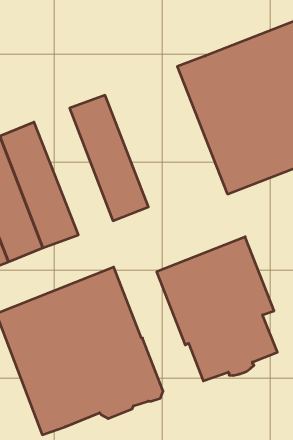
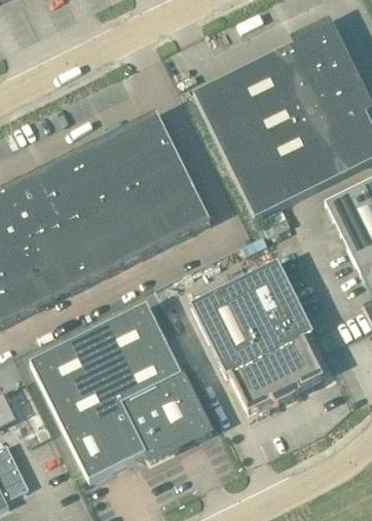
building: none -> [122,110,212,237]
building: none -> [52,144,142,272]

